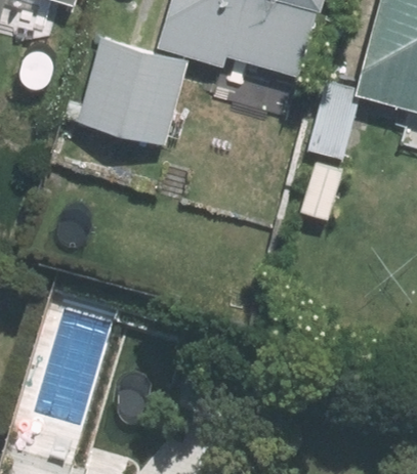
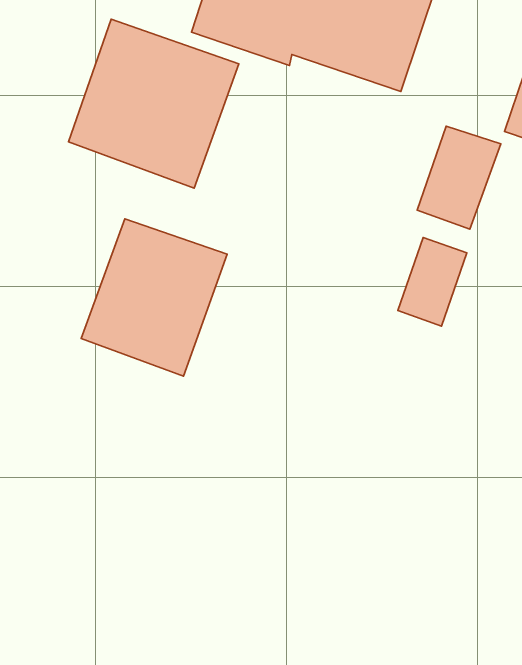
building: none -> [81,219,227,376]

